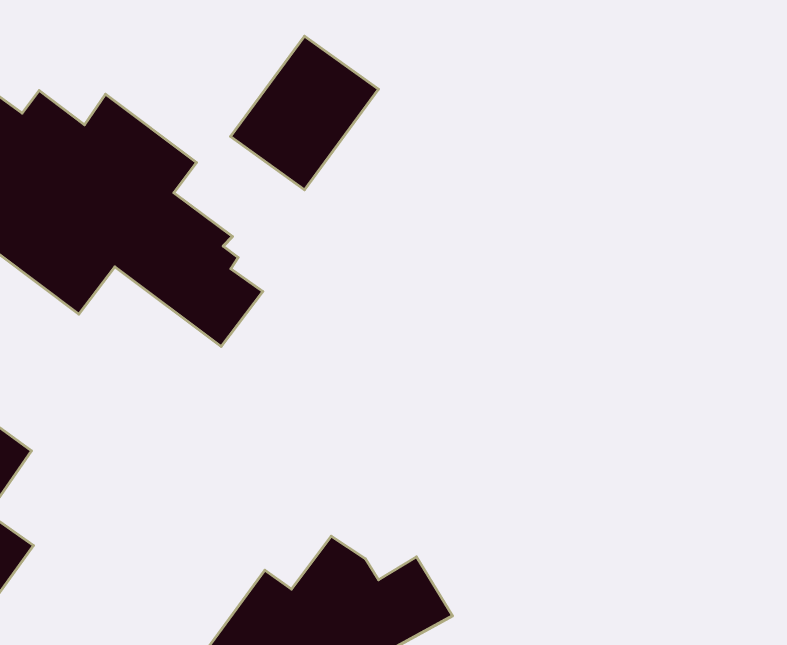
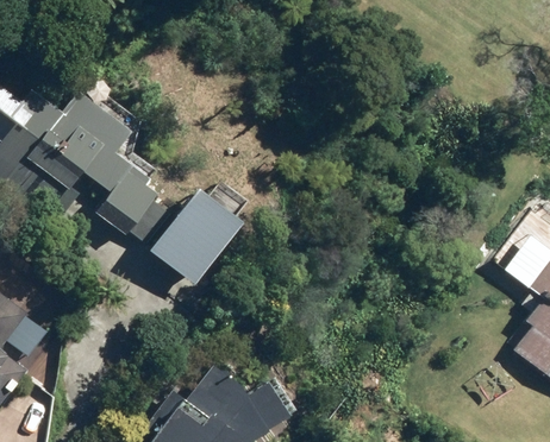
building: [231,36,378,190] -> [151,190,244,286]

